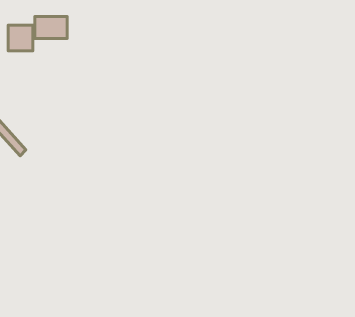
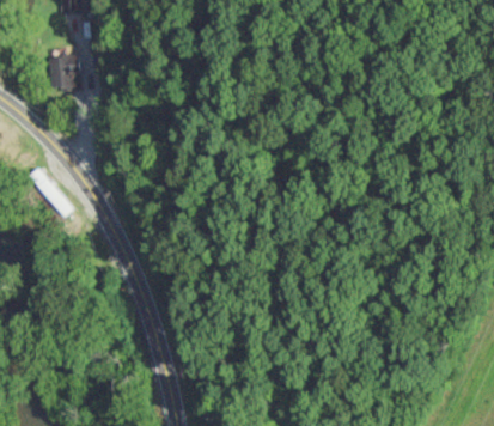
building: [35,16,67,39] -> none

